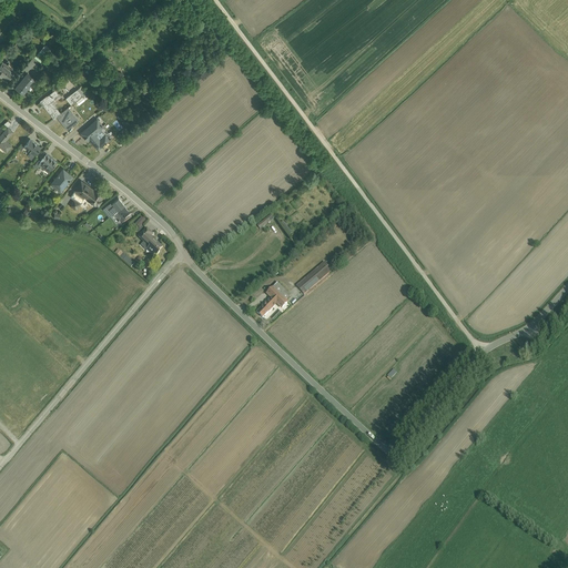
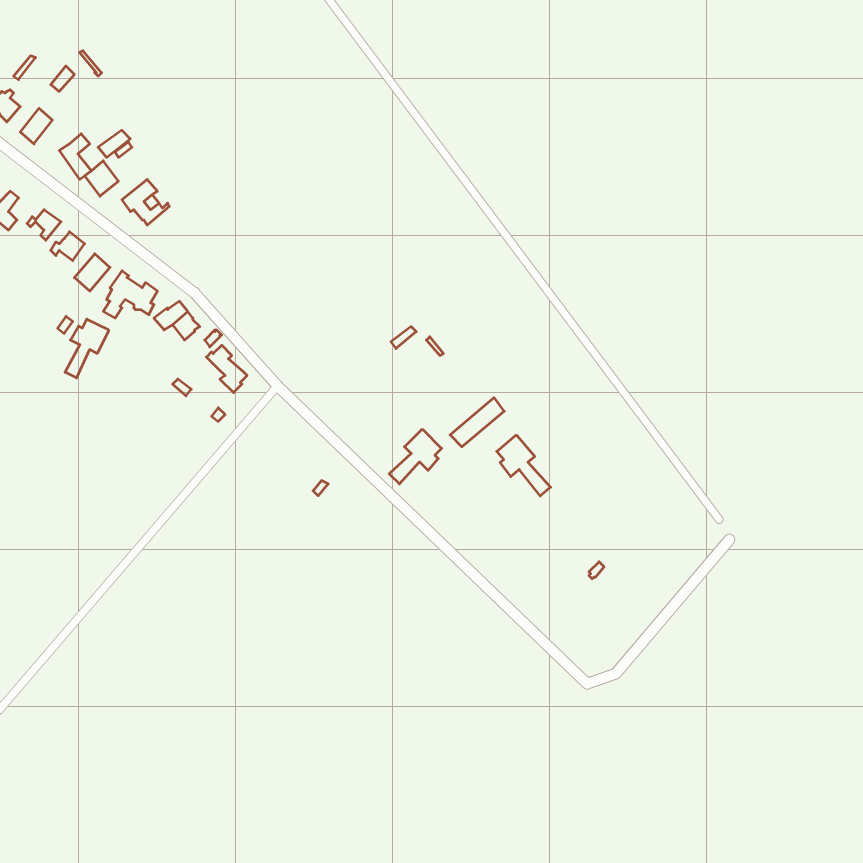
building: none -> [65,319,108,378]
building: none -> [497,435,551,496]

